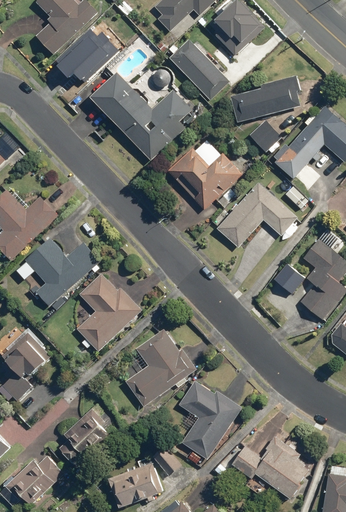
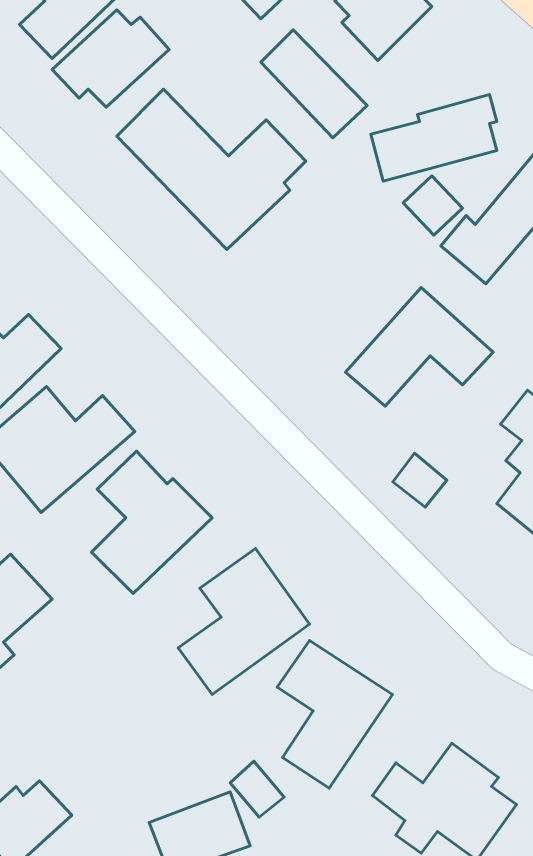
building: [167,148,243,210] -> none
building: [274,263,304,293] -> [393,453,447,507]
building: [58,408,114,467] -> none

